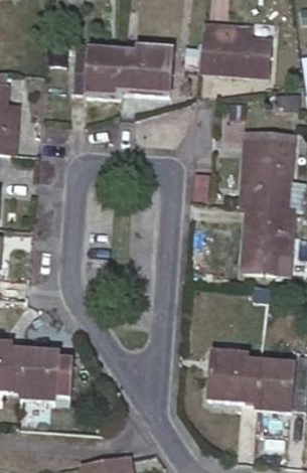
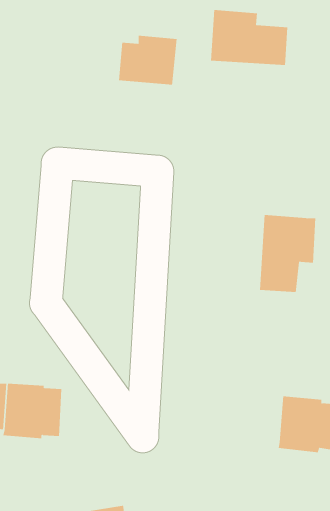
building: [70,52,125,101] -> none
building: [242,132,288,207] -> none
building: [209,351,264,402] -> none

